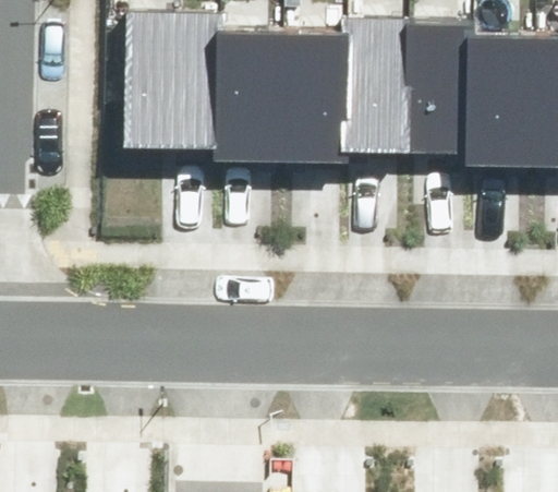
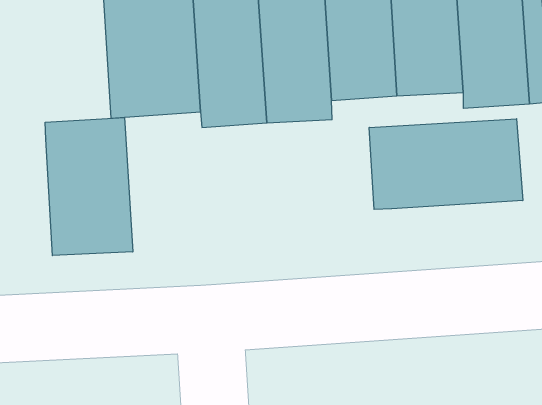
building: none -> [45,117,133,256]
building: none -> [369,119,523,209]

